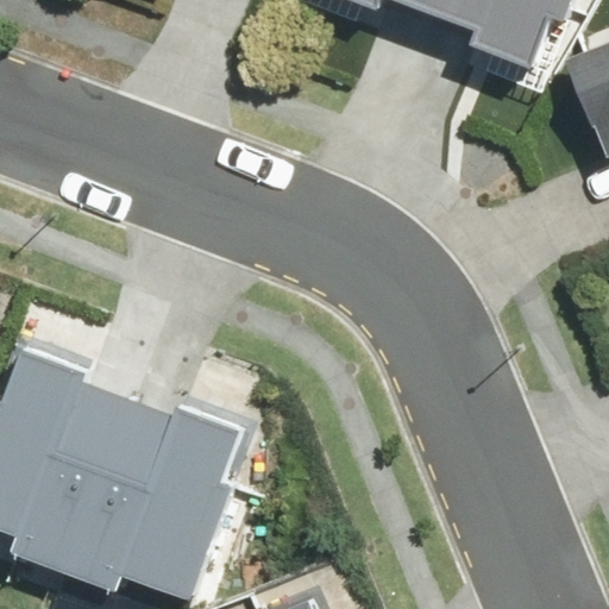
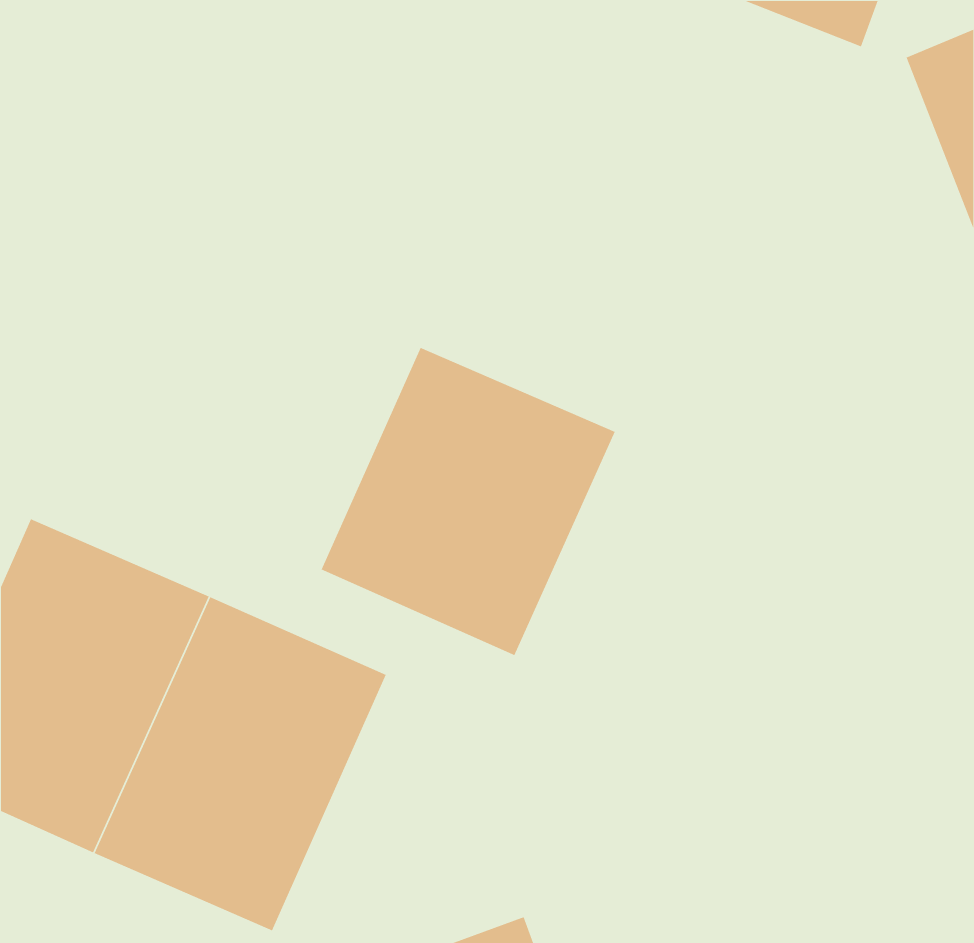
building: none -> [320,347,616,656]

